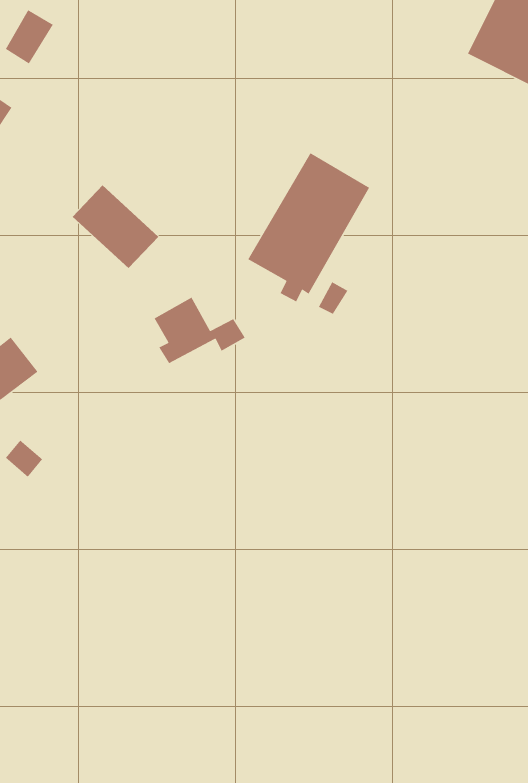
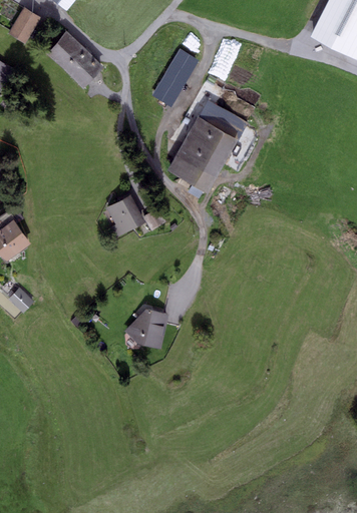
building: none -> [151,49,199,107]
building: [72,184,159,269] -> [46,32,103,87]
building: none -> [124,309,167,349]

